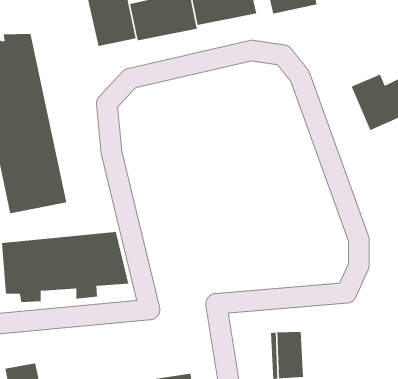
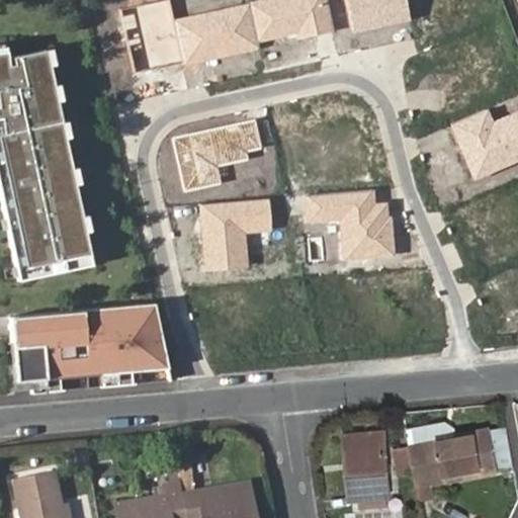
building: none -> [171,119,259,192]
building: none -> [299,188,390,259]
building: none -> [195,198,270,272]
building: none -> [410,425,500,485]

